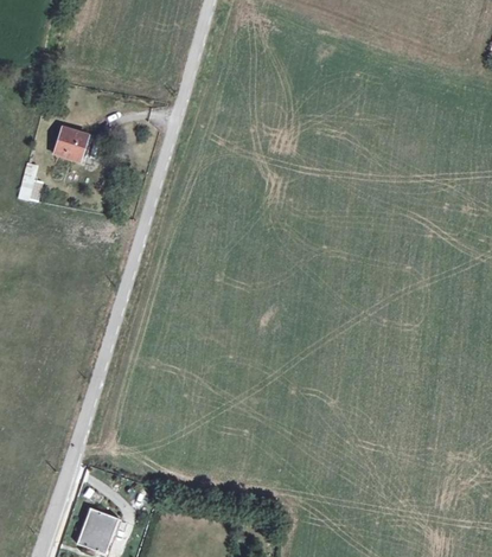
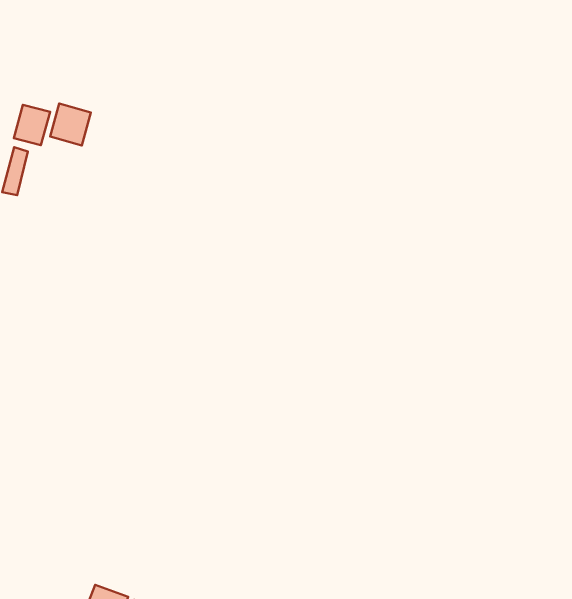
building: none -> [14,105,50,145]

